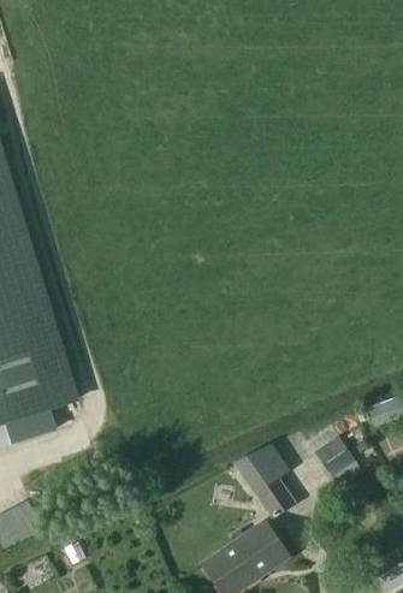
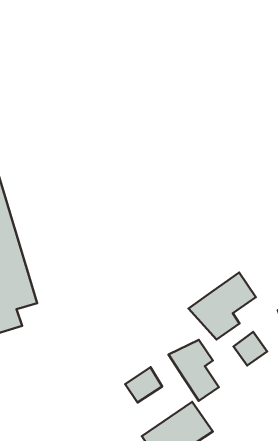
building: none -> [189,273,256,339]
building: none -> [125,367,162,402]

